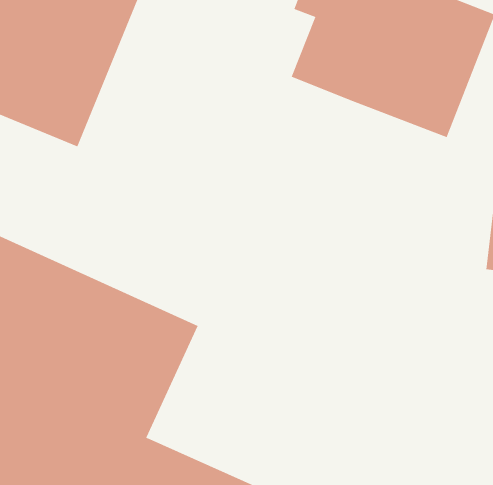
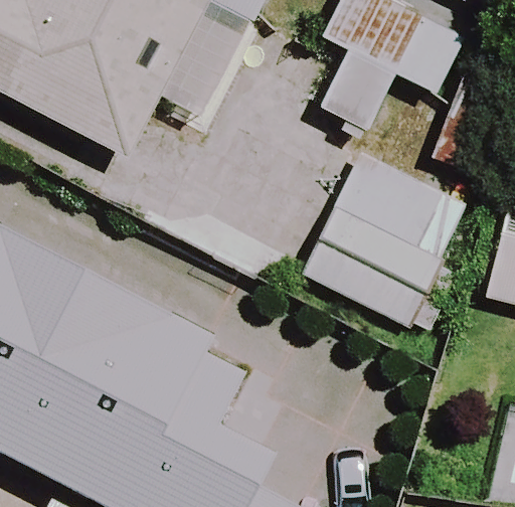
building: none -> [303,153,466,325]

